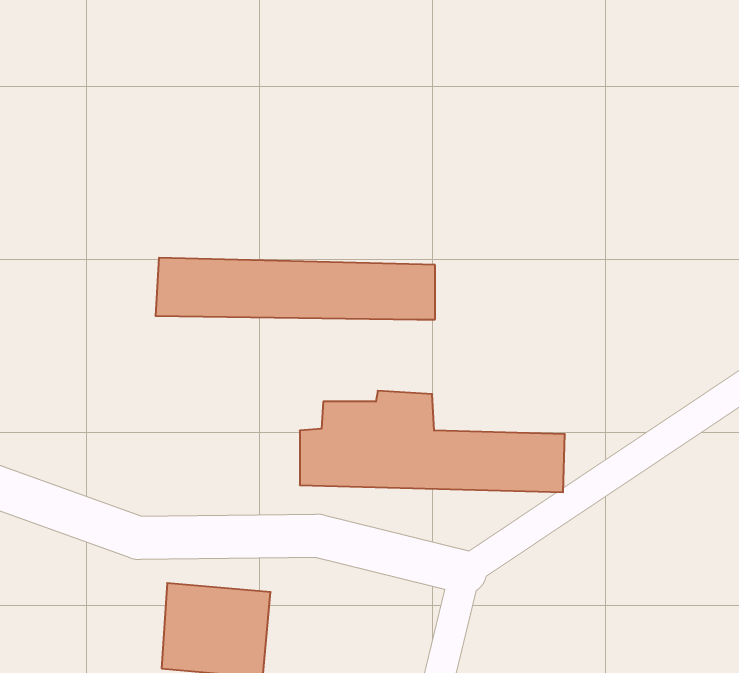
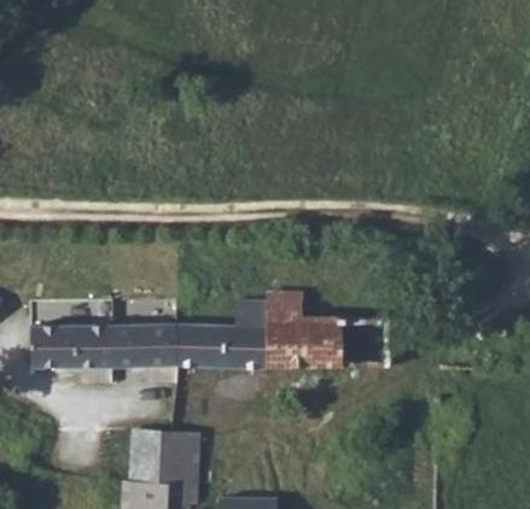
building: [155,258,435,319] -> [33,323,219,364]

